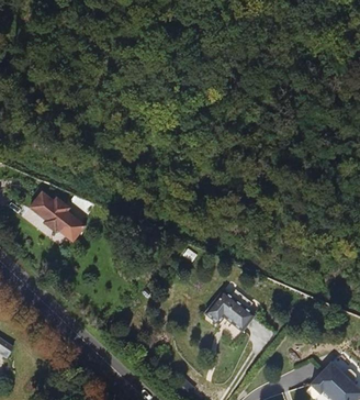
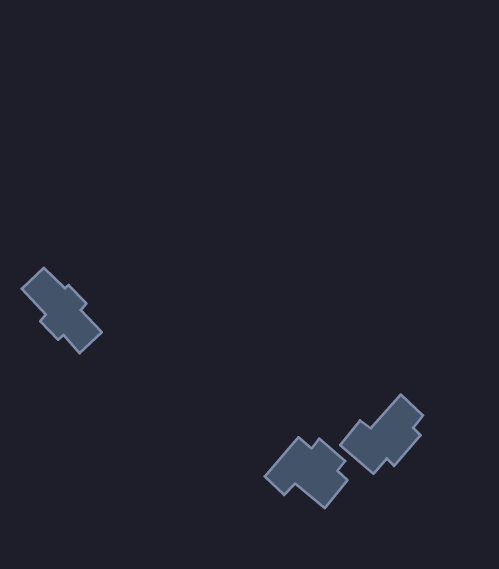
building: none -> [340,395,423,474]

